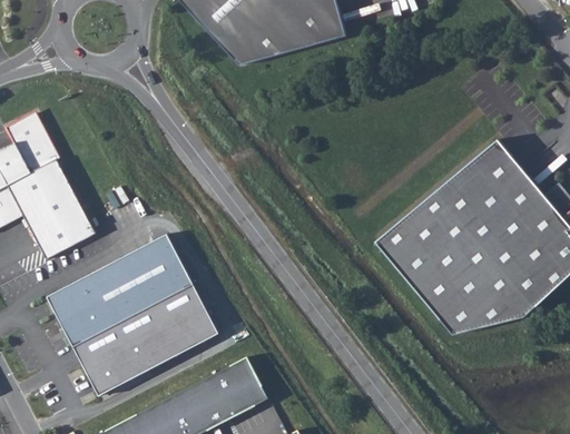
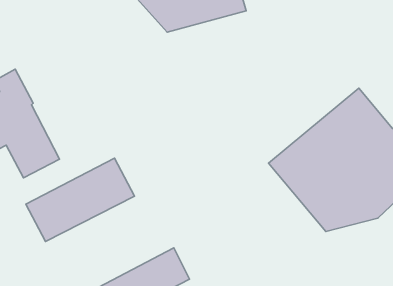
building: [73,286,216,396] -> none

